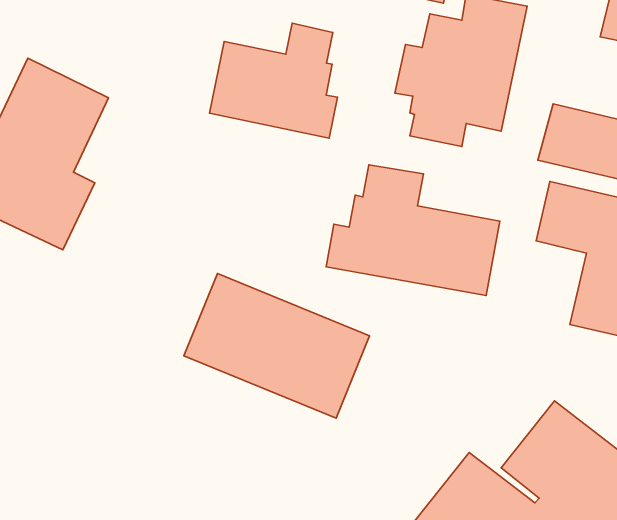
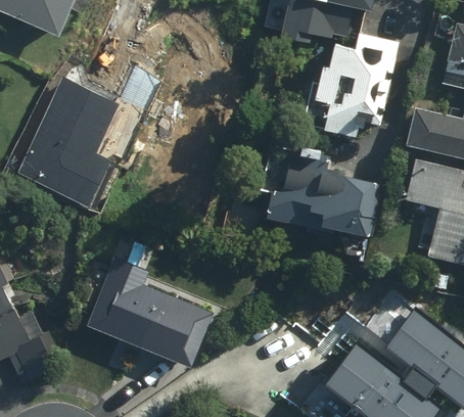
building: [210,23,338,138] -> none
building: [184,273,370,418] -> [85,270,210,367]

